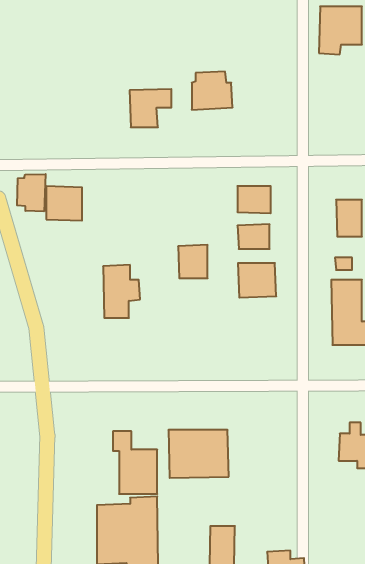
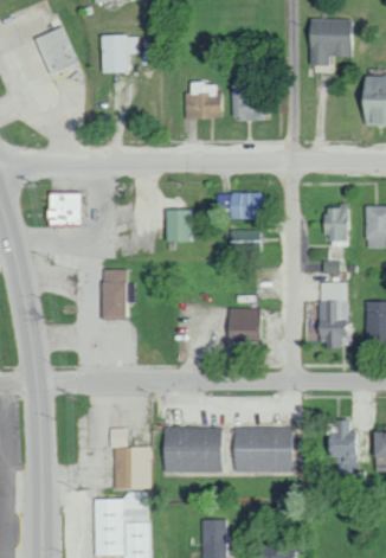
building: none -> [33,27,76,76]
building: none -> [232,84,269,121]
building: [130,89,171,127] -> [101,36,141,72]
building: [17,174,46,211] -> none
building: [178,245,208,278] -> [165,210,193,242]
building: [238,263,276,298] -> [227,308,264,341]
building: none -> [233,426,292,473]

